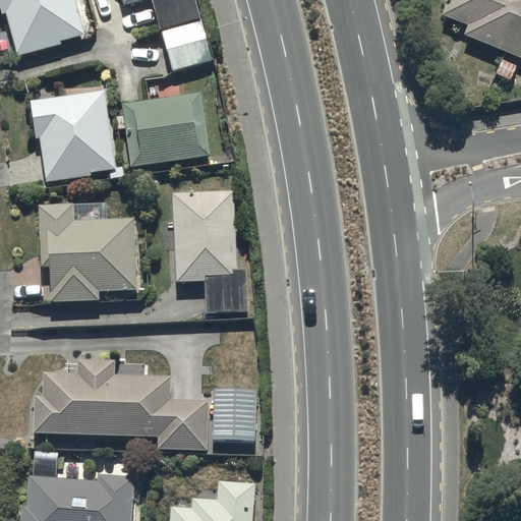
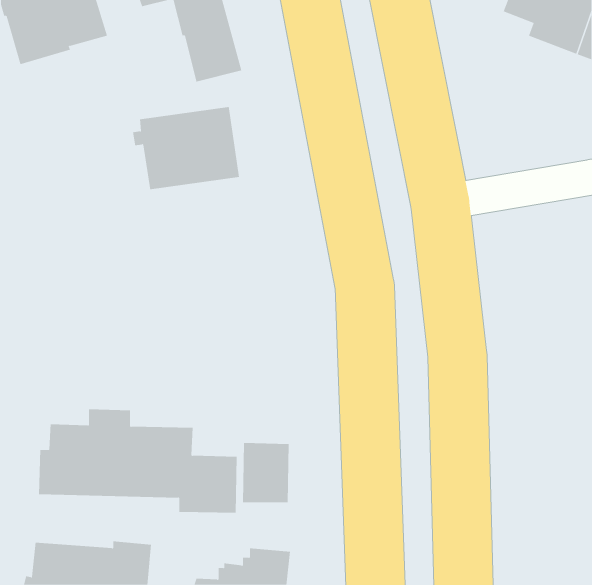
building: [31,91,125,183] -> none
building: [173,187,247,314] -> none
building: [39,206,138,302] -> none

